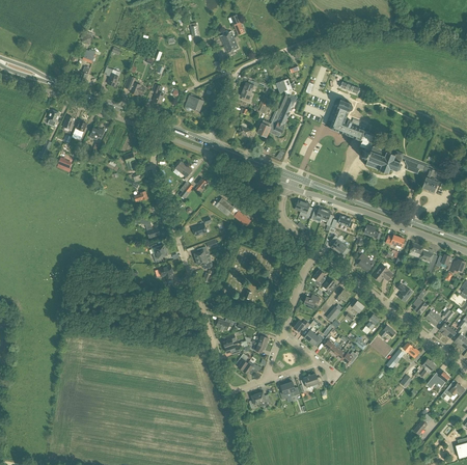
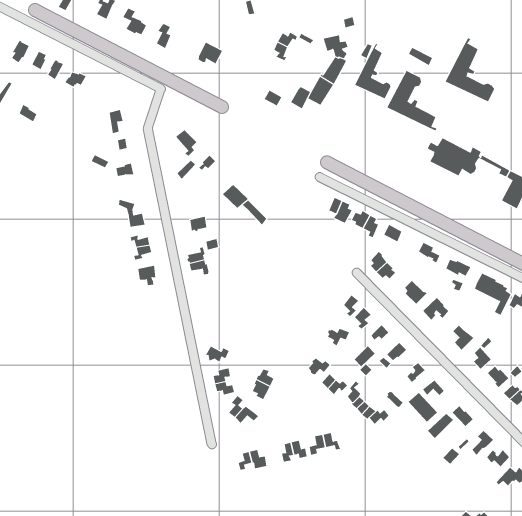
building: none -> [445,38,495,102]
building: none -> [354,43,391,99]

